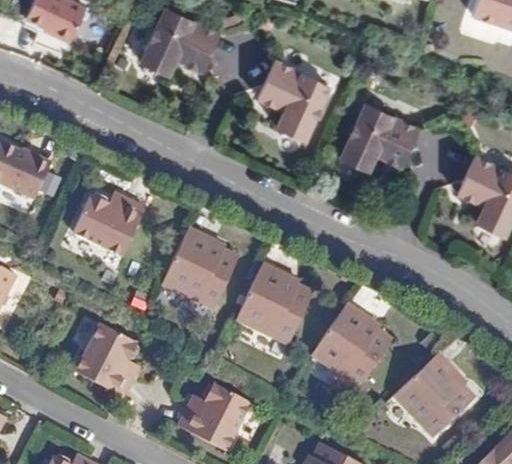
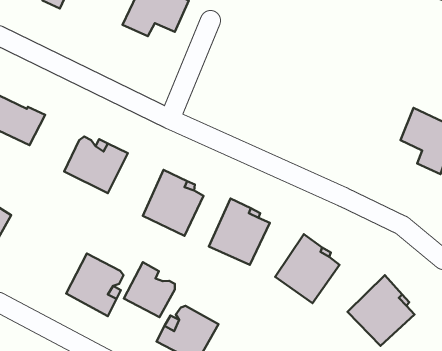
building: [256,65,326,140] -> none
building: [340,107,416,171] -> none
building: none -> [124,262,175,317]

